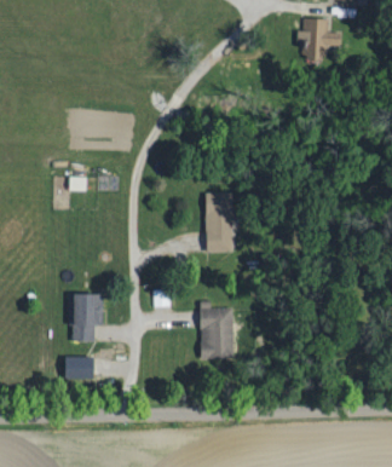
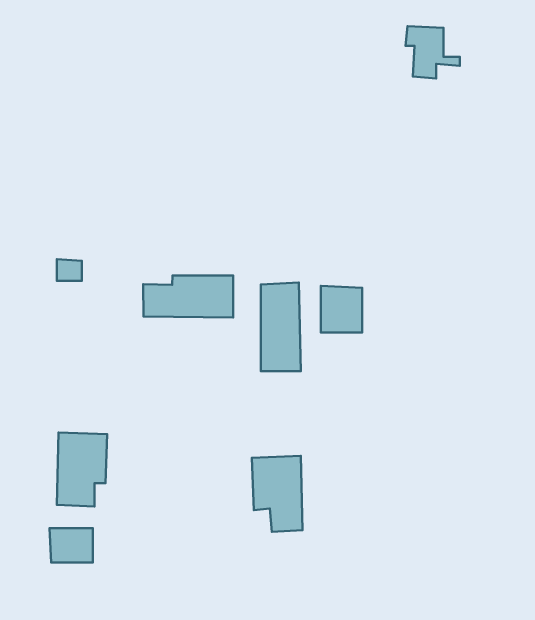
building: none -> [143,276,233,317]
building: none -> [321,286,362,332]

